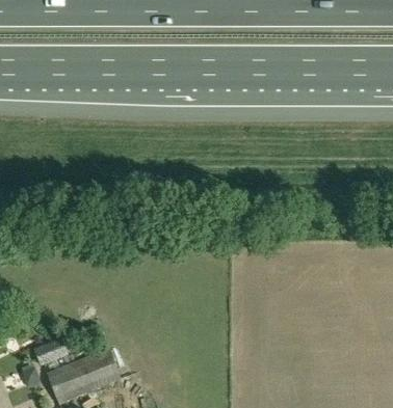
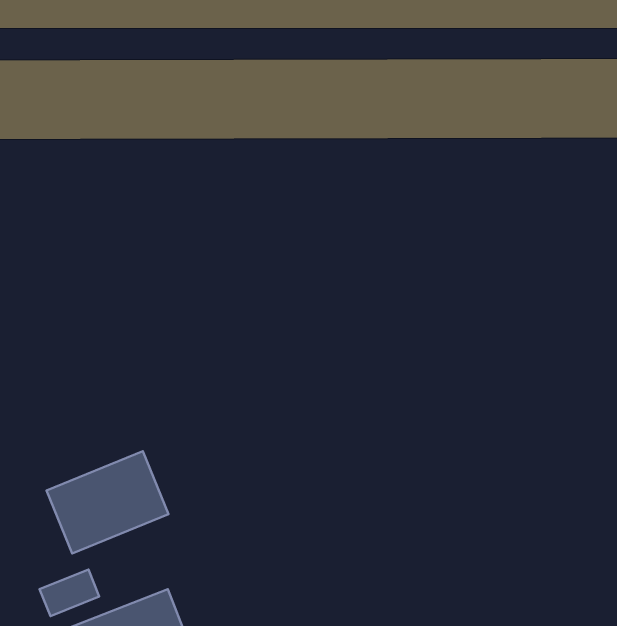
building: none -> [47,451,168,553]

